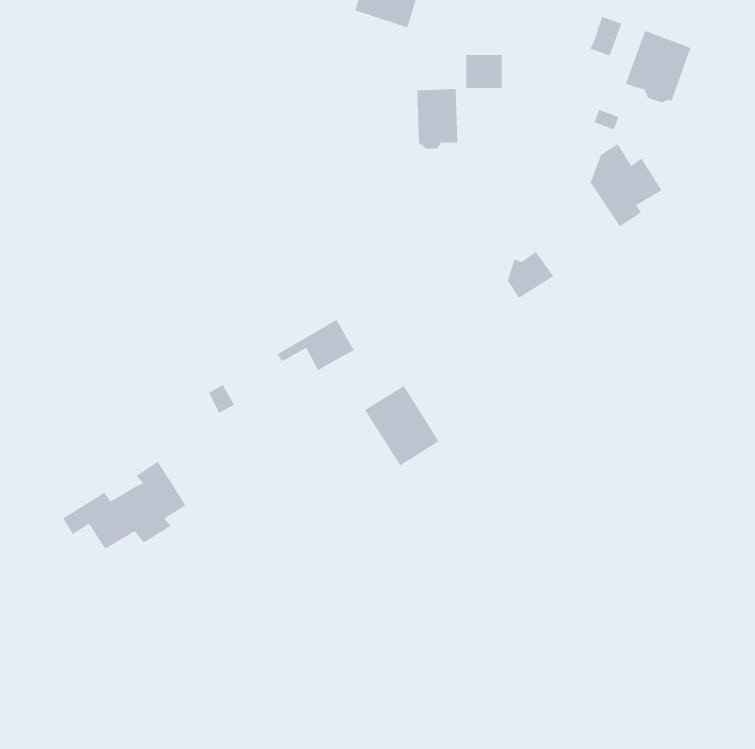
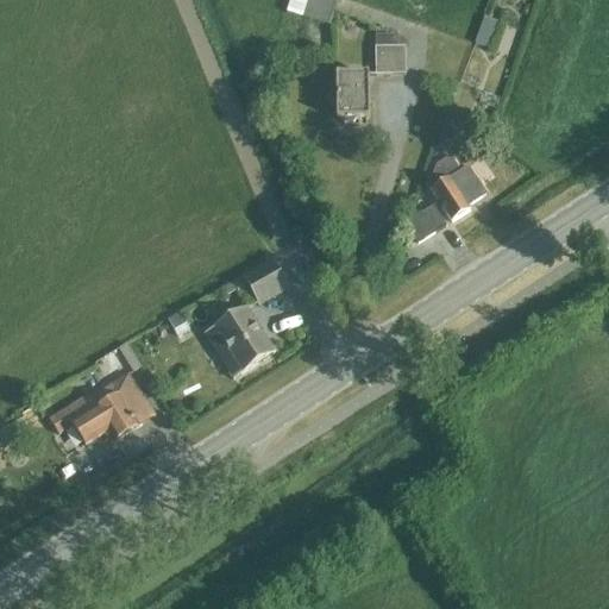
building: [625,30,691,103] -> none
building: [590,143,662,227] -> [427,152,485,220]
building: [364,385,440,466] -> [213,304,274,370]

